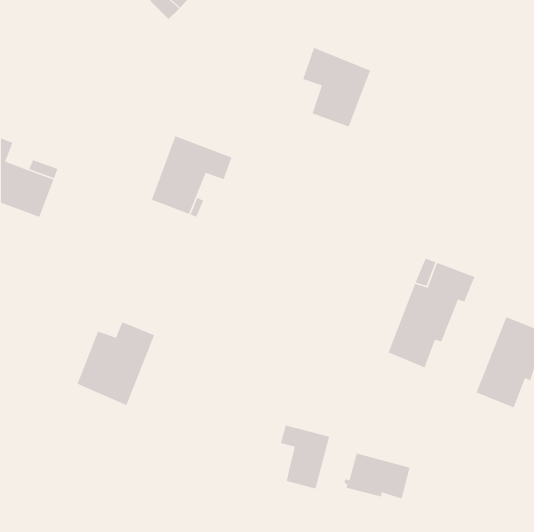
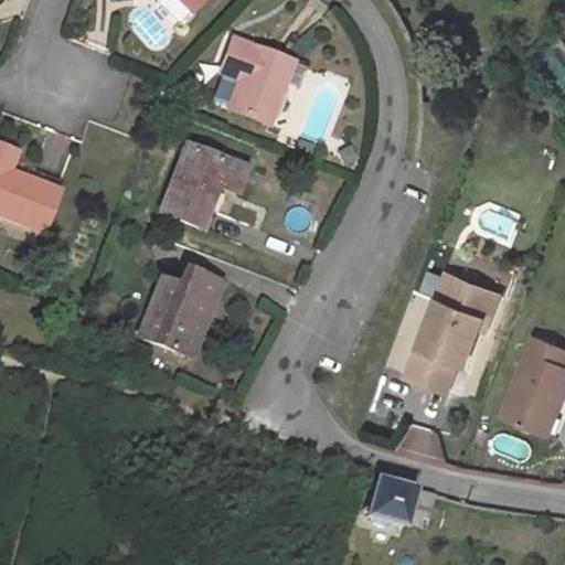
building: [302,47,371,128] -> [220,36,292,121]
building: [77,321,155,406] -> [138,267,221,356]
building: [280,425,330,489] -> none

